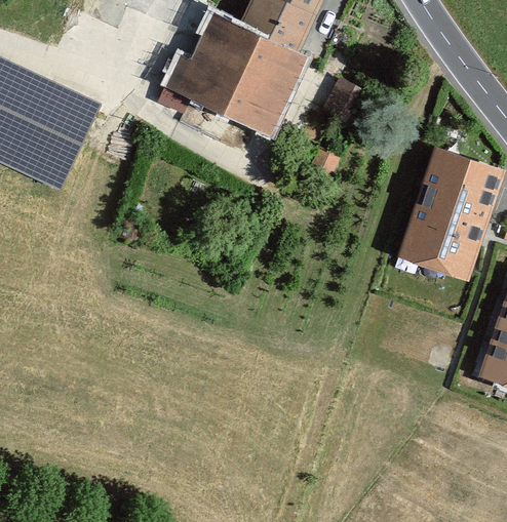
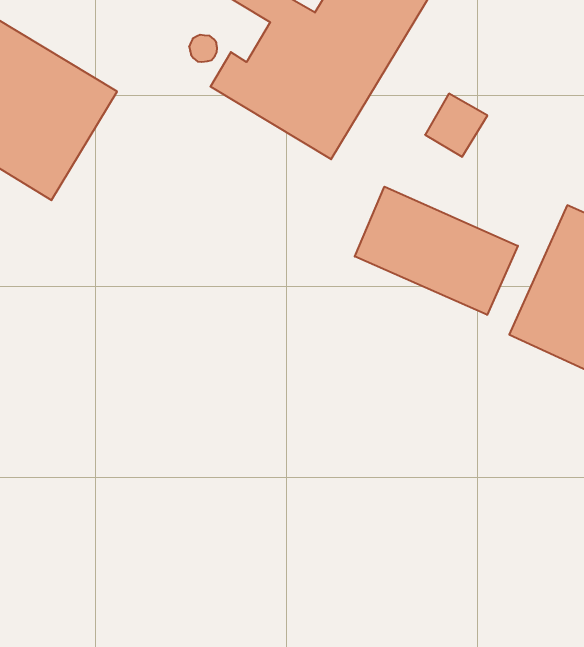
building: none -> [355,187,518,315]

